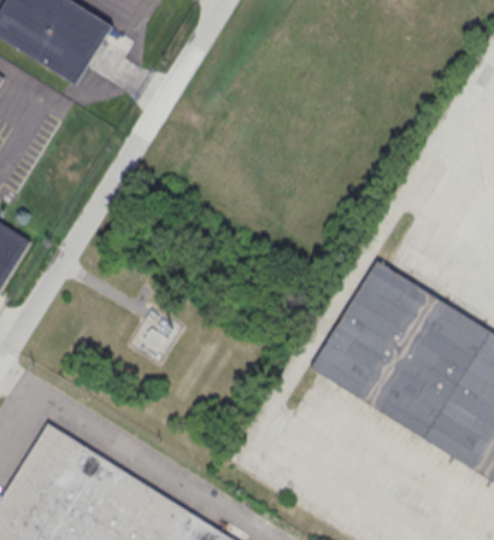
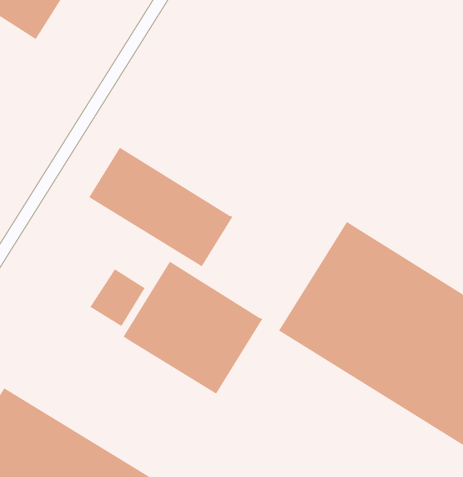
building: none -> [88,147,233,267]
building: none -> [123,261,263,394]

